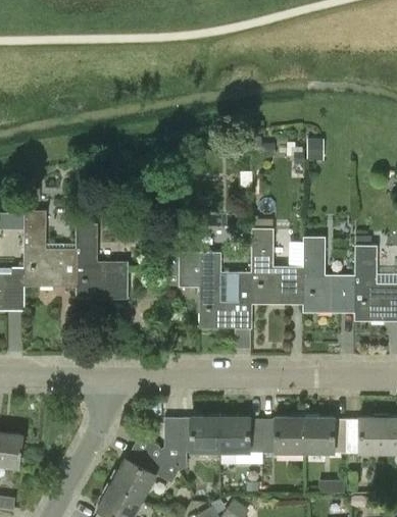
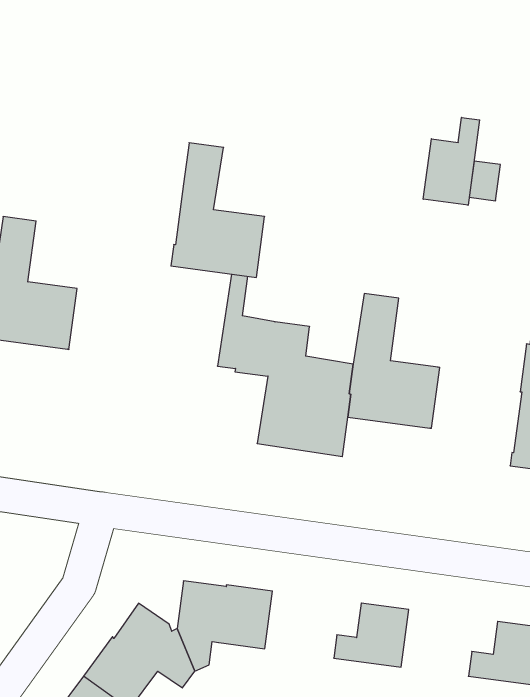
building: none -> [423,117,480,205]
building: [75,223,128,300] -> [171,143,265,277]
building: [302,237,355,313] -> none
building: [219,417,262,463] -> none
building: [304,417,346,453] -> none

